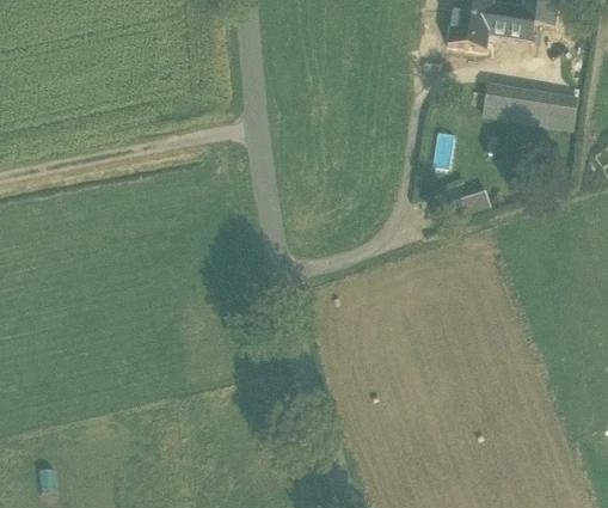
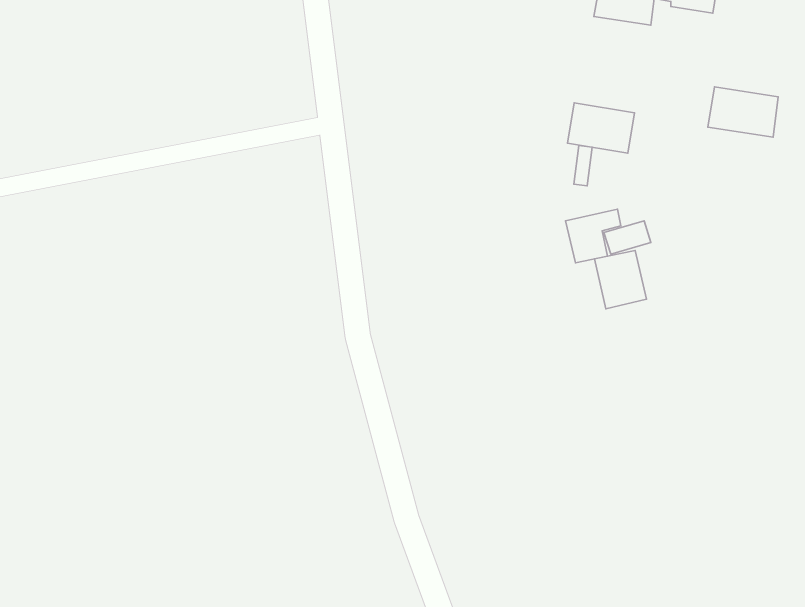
building: [485,85,533,121] -> [568,103,634,153]
building: none -> [595,250,646,309]

